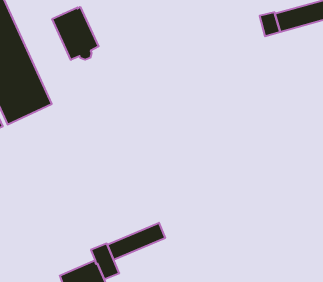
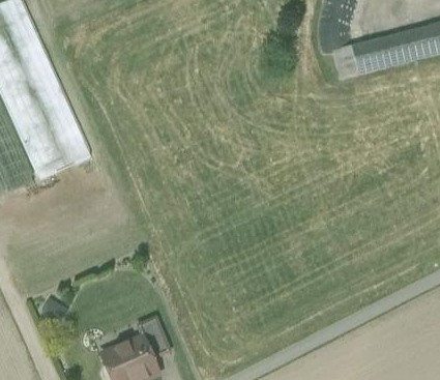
building: [52,7,99,60] -> none
building: [108,223,165,260] -> none

